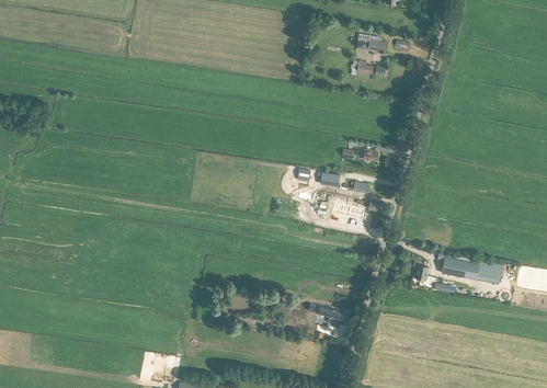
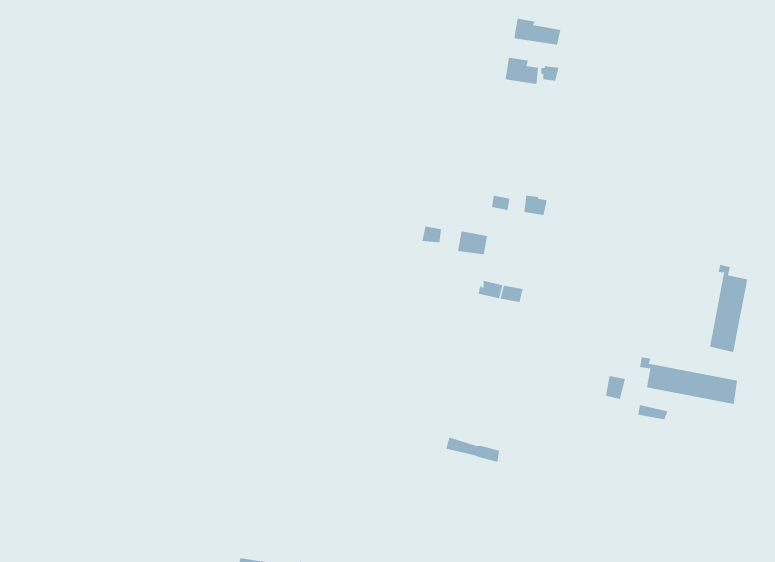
building: none -> [709,264,748,353]

